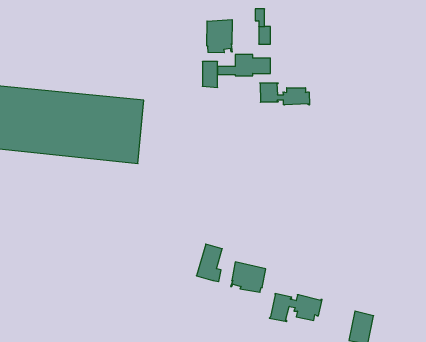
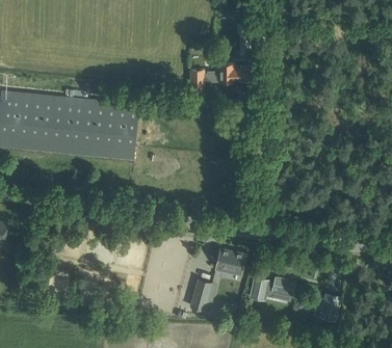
building: [207,20,232,53] -> none
building: [260,83,309,105] -> none
building: [196,244,222,282] -> [189,277,212,311]

